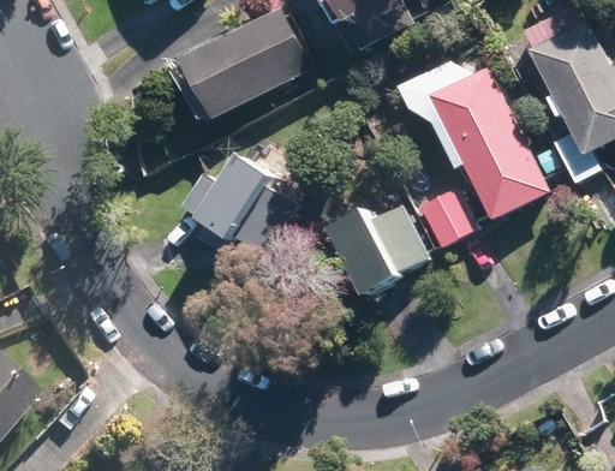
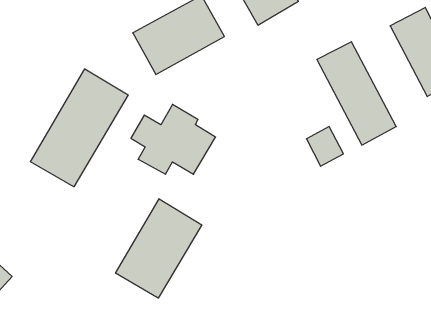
building: none -> [30,69,128,187]
building: [330,207,425,296] -> none
building: none -> [116,199,202,298]

